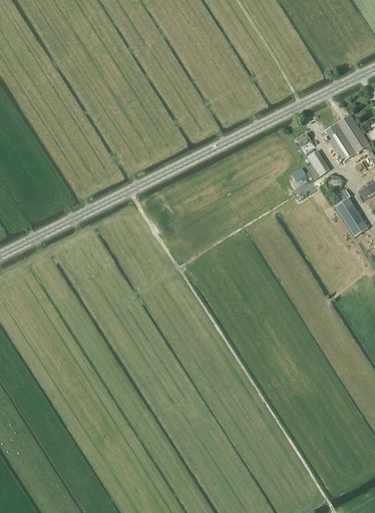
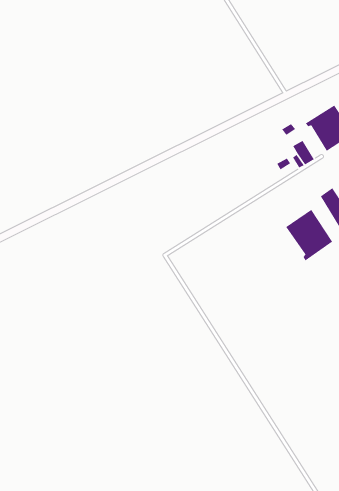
building: none -> [285,209,333,261]

